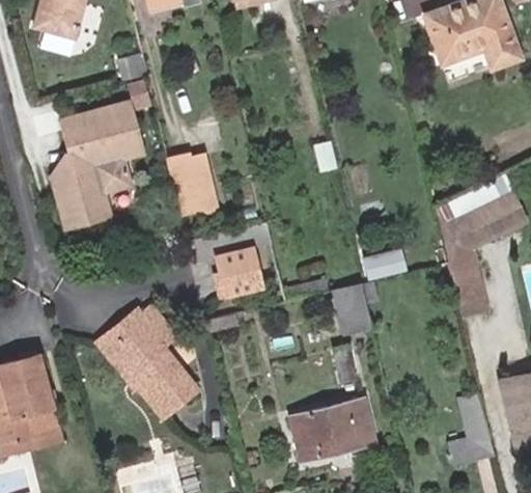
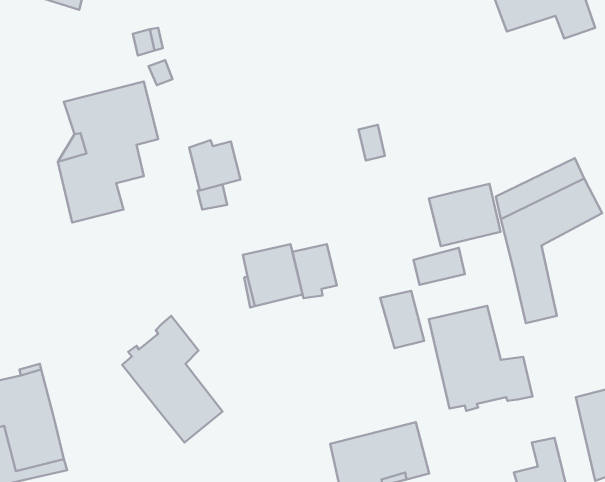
building: none -> [429,184,500,246]
building: none -> [292,244,337,298]
building: none -> [429,306,533,411]
building: [96,307,146,400] -> none

